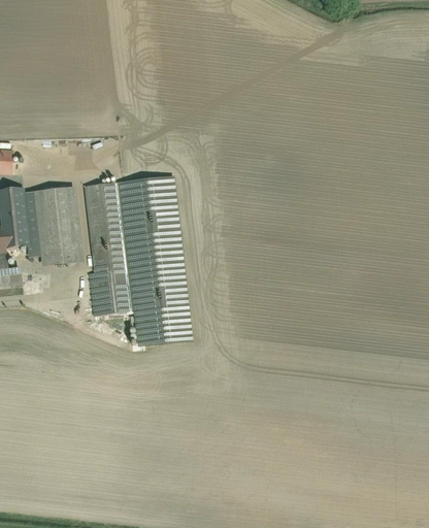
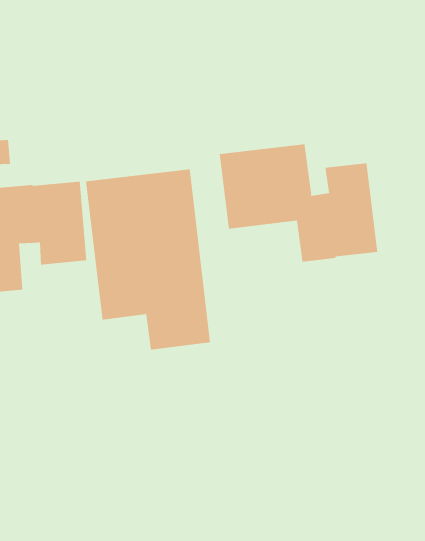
building: none -> [219,143,378,263]

